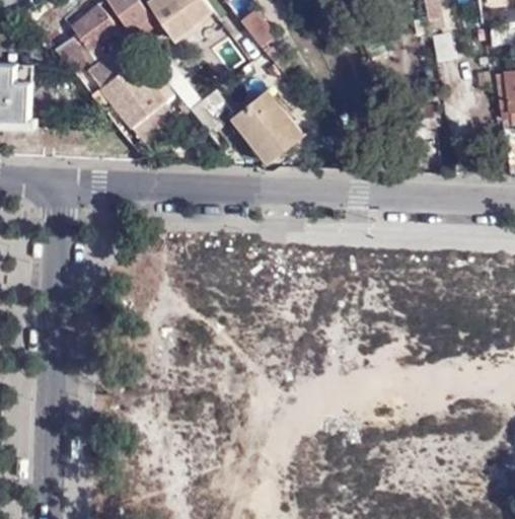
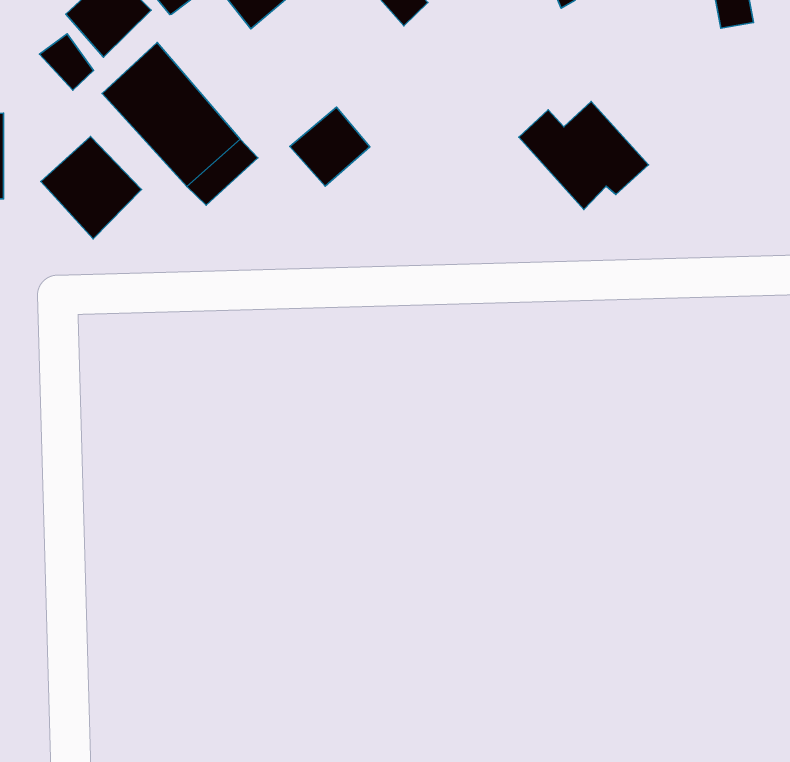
building: none -> [41,136,142,239]
building: [231,98,302,158] -> [519,101,648,209]

